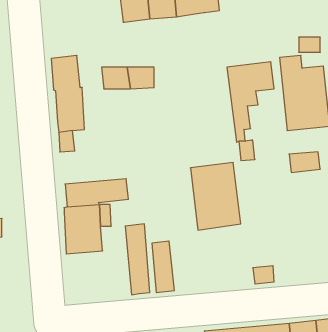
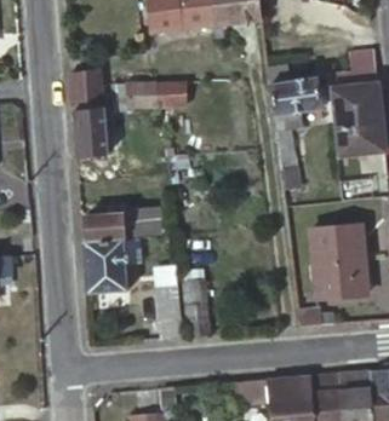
building: [190,163,241,230] -> [311,224,368,300]

